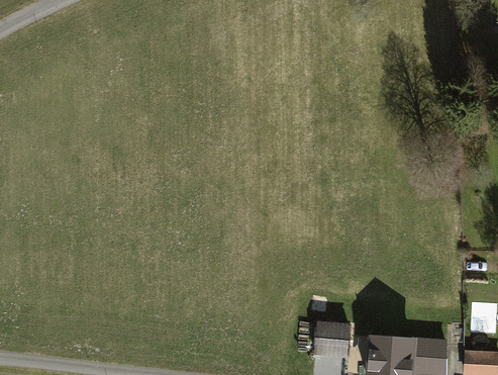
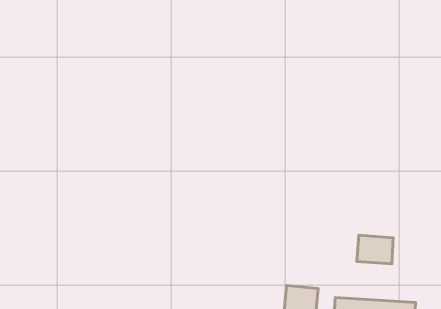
building: none -> [357,235,393,264]

